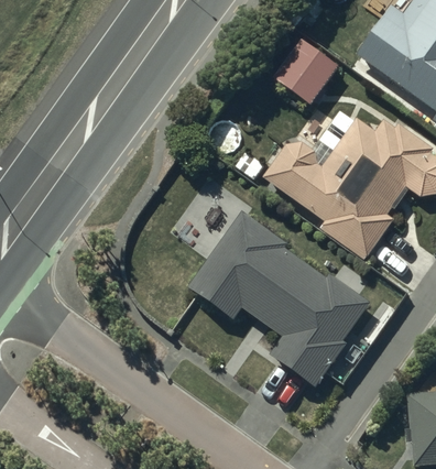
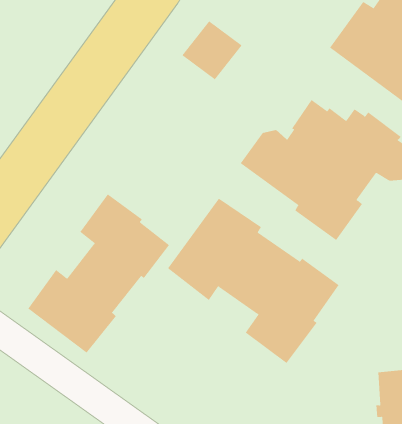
building: [273,40,337,102] -> [182,20,243,80]
building: none -> [28,193,170,353]

